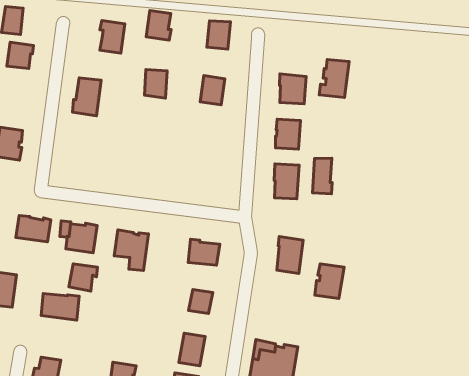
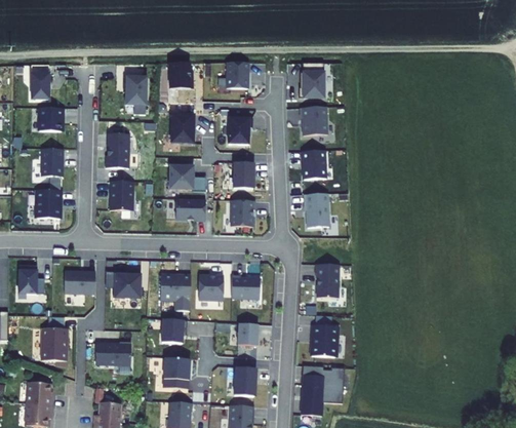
building: [319,59,349,97] -> [301,64,326,99]
building: none -> [41,146,64,173]
building: none -> [169,165,206,192]
building: none -> [234,162,255,189]
building: none -> [110,179,133,208]
building: none -> [176,198,206,222]
building: [313,158,332,194] -> none
building: none -> [232,200,255,227]
building: none -> [199,276,224,301]
building: [315,264,344,299] -> [313,326,339,358]
building: [69,264,97,291] -> [161,319,187,344]
building: none -> [163,358,190,389]

